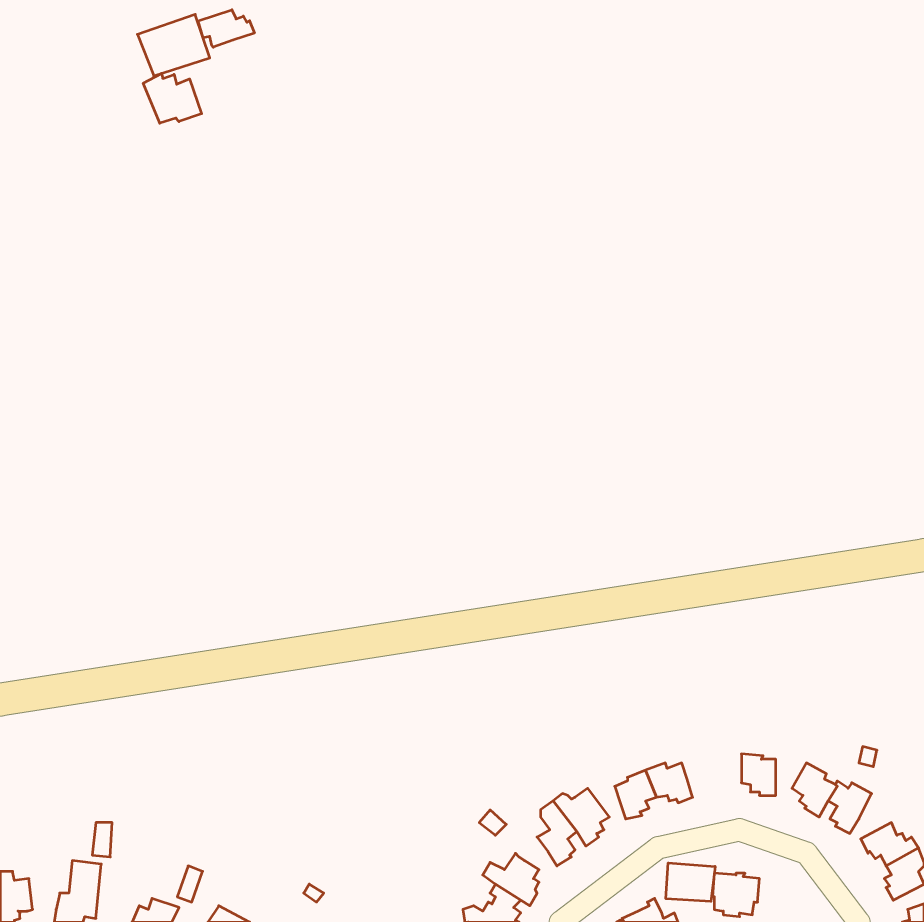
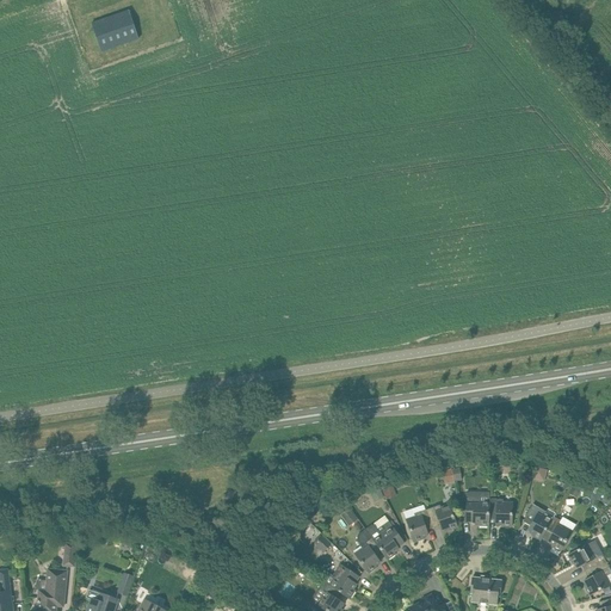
building: [198,10,254,47] -> none
building: [143,73,202,123] -> none
building: none -> [465,492,489,524]
building: [666,863,715,901] -> none

